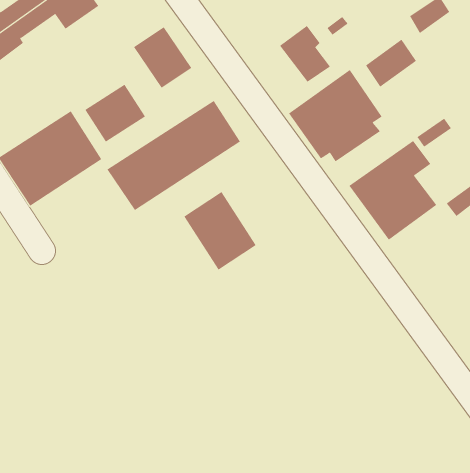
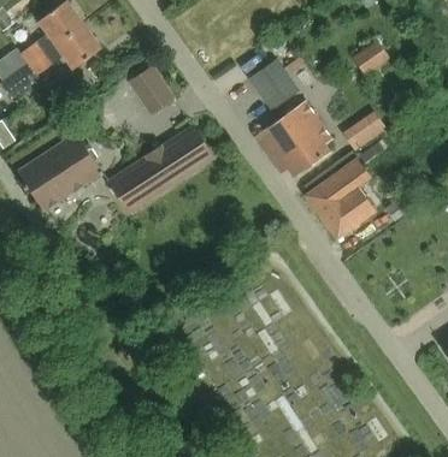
building: [365,39,417,87] -> [344,112,387,152]
building: [84,84,146,142] -> none
building: [183,191,256,270] -> none

